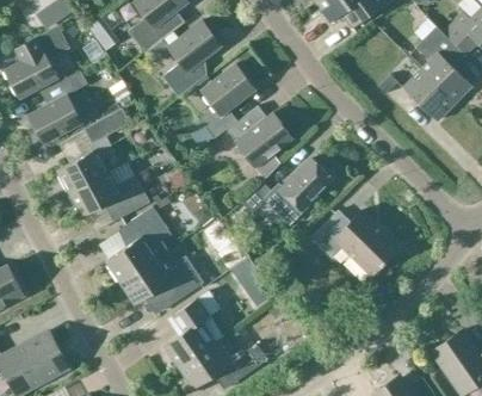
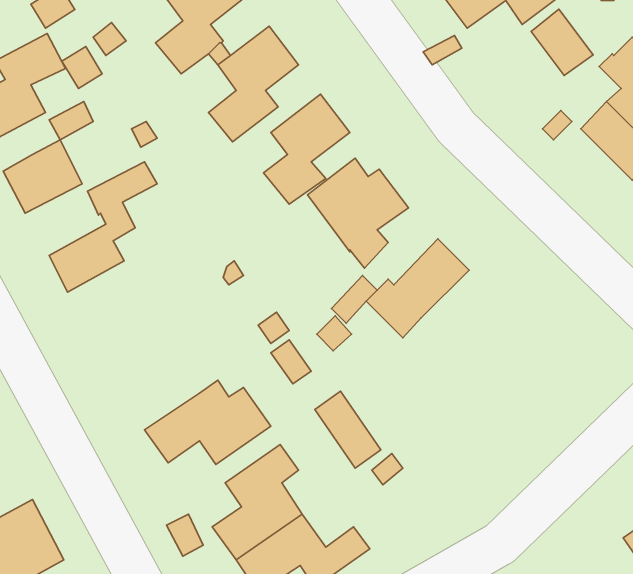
building: none -> [531,9,593,75]
building: [70,173,149,217] -> none
building: [106,205,172,283] -> none
building: [311,211,400,277] -> none

